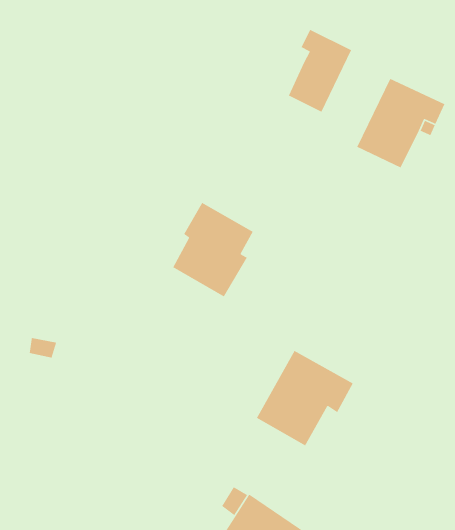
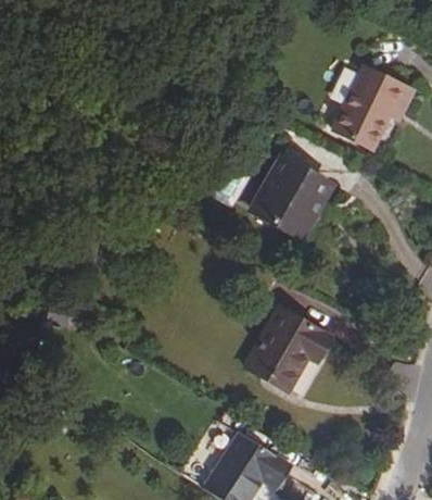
building: [288,29,352,113] -> none
building: [172,202,254,297] -> [257,155,329,239]

